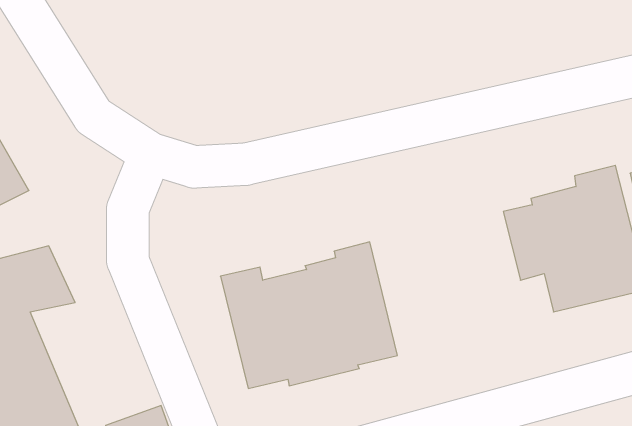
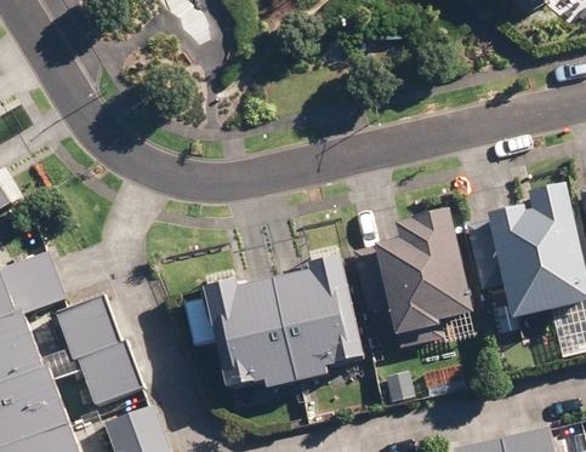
building: none -> [347,205,476,338]
building: none -> [52,298,140,405]

